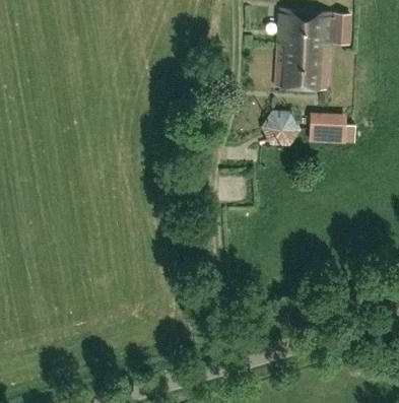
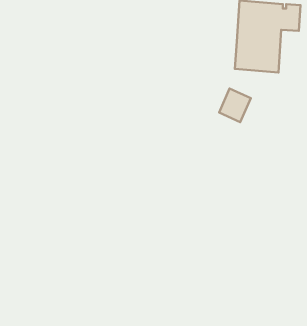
building: [311,113,347,143] -> none

